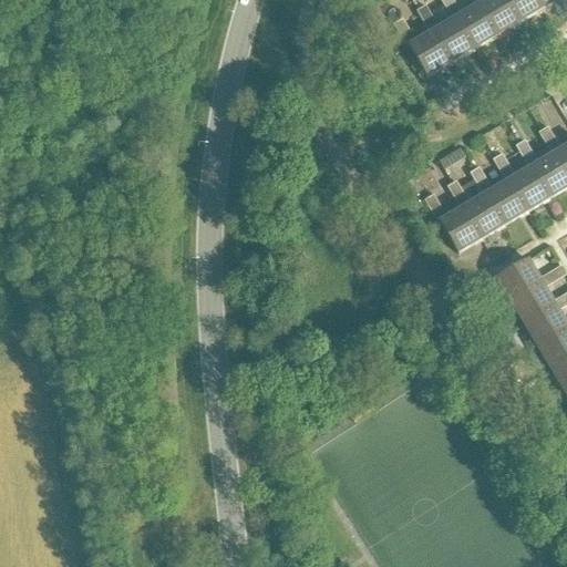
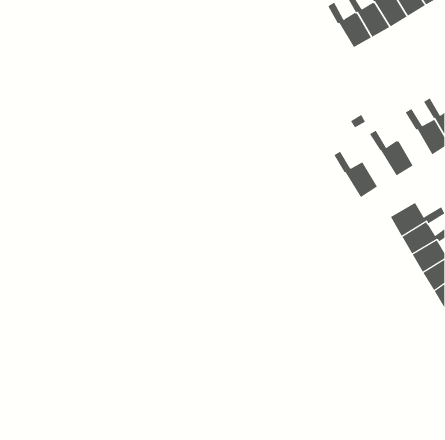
building: [393,17,450,75] -> none
building: [493,152,549,210] -> none
building: [447,178,504,237] -> none

